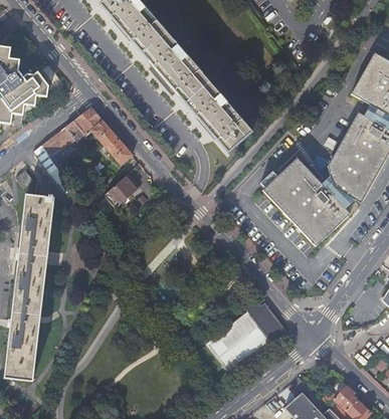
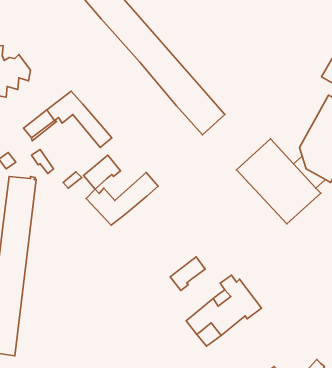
building: none -> [86,172,158,225]
building: none -> [170,257,205,290]

